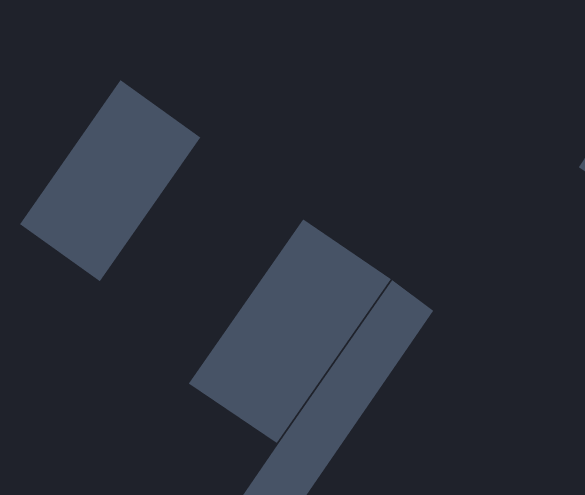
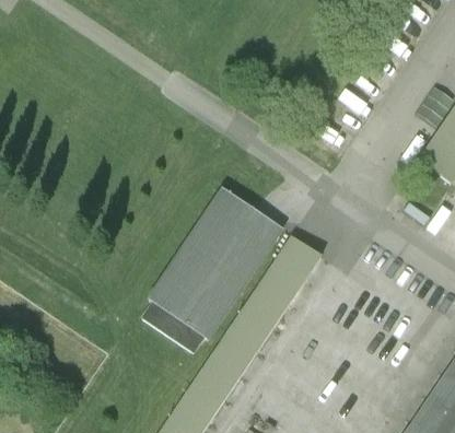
building: [19,79,201,282] -> none

